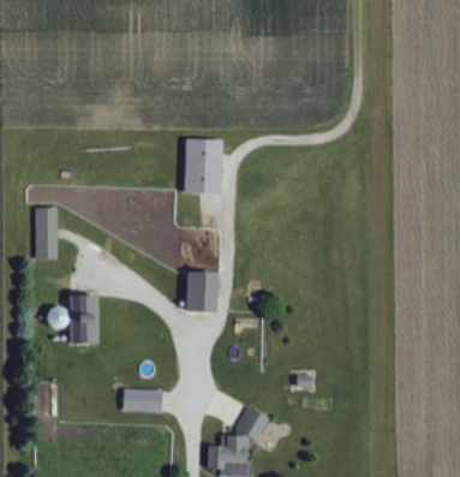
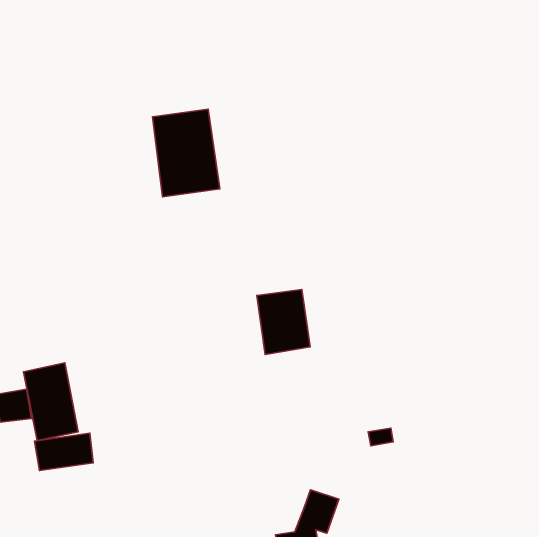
building: [186,270,219,311] -> [257,289,310,354]
building: [123,389,161,411] -> [34,433,93,470]

